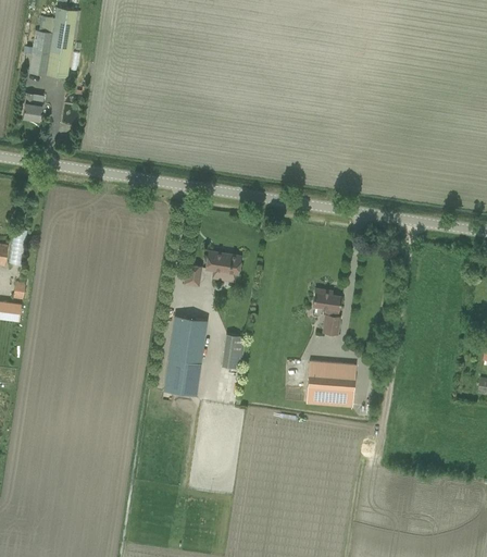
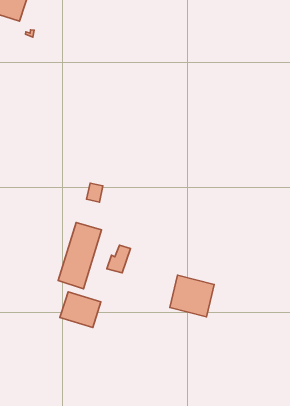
building: [205,251,240,275] -> none
building: [313,287,340,334] -> none
building: none -> [60,292,101,327]

